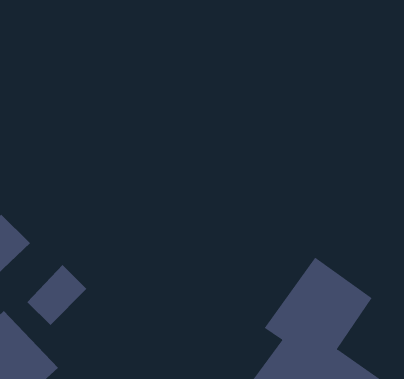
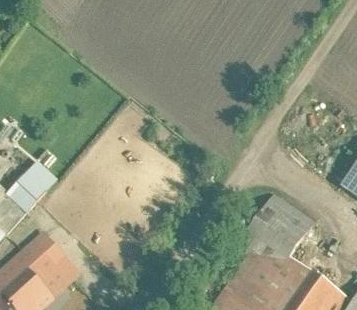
building: [27,264,87,326] -> none

